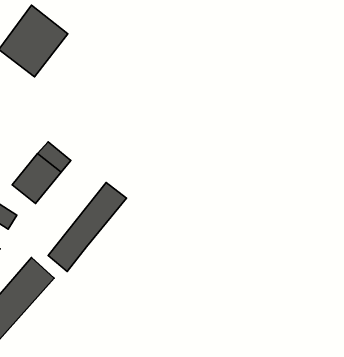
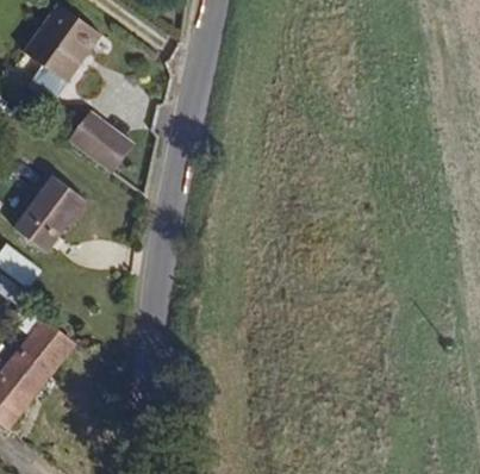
building: none -> [63,108,131,173]
building: [48,183,126,271] -> none

